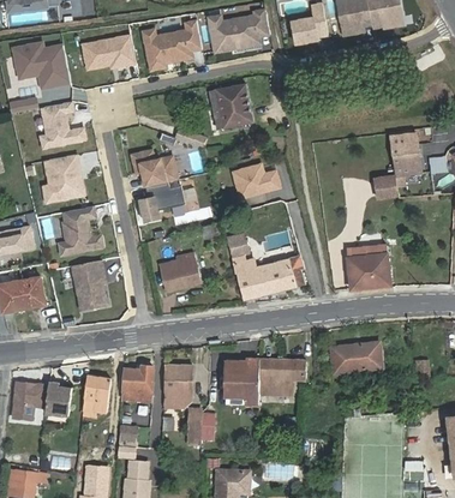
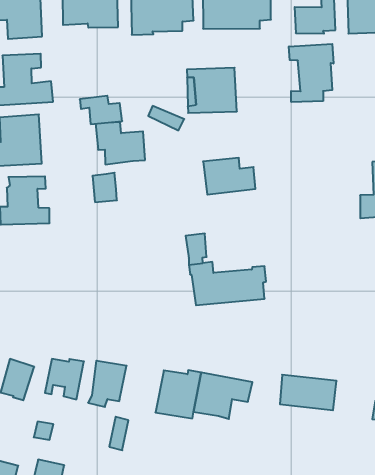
building: none -> [289,44,333,102]
building: [144,181,185,209] -> [80,96,122,124]
building: [346,245,390,289] -> none
building: [161,252,202,290] -> none
building: [70,260,107,311] -> none

